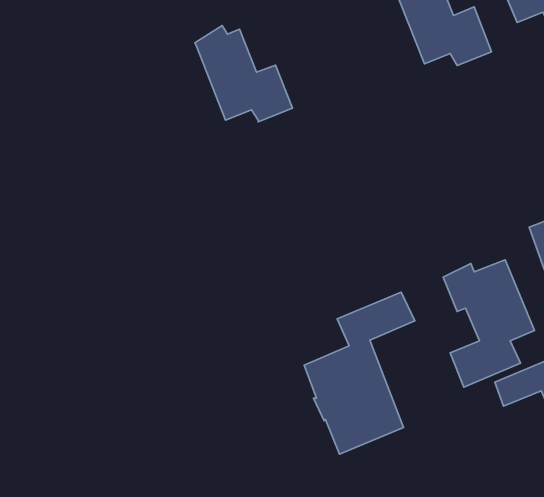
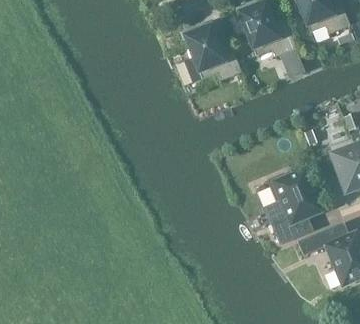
building: [195,26,293,122] -> [185,24,242,80]
building: [304,292,415,454] -> none

